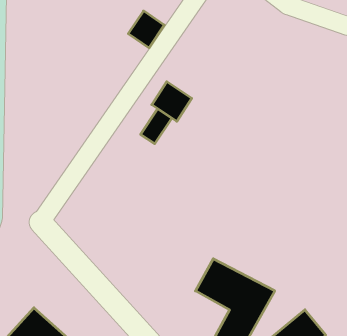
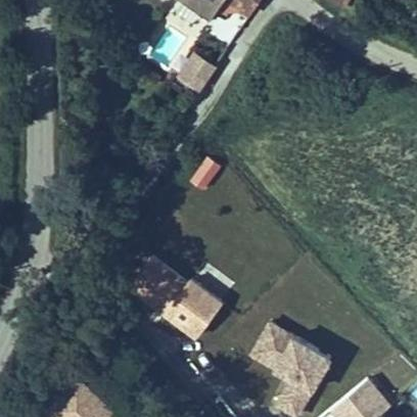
building: [152,82,192,121] -> none
building: none -> [124,252,222,338]

